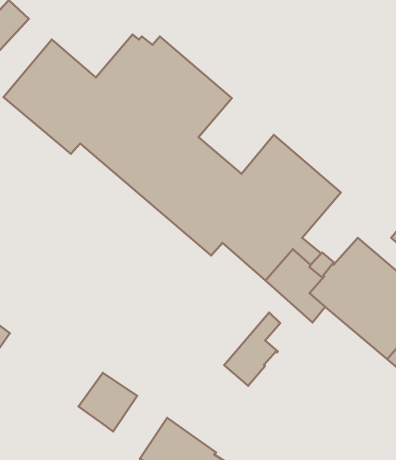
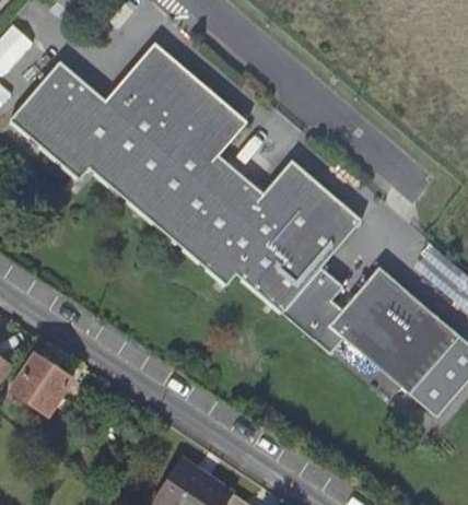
building: [224,312,280,386] -> none
building: [79,373,137,432] -> [15,354,77,415]

